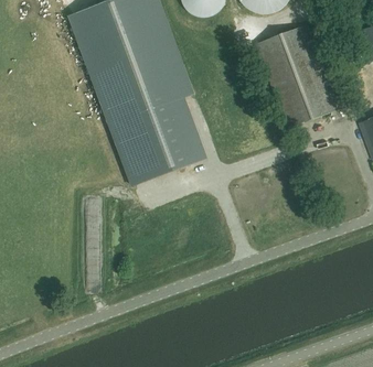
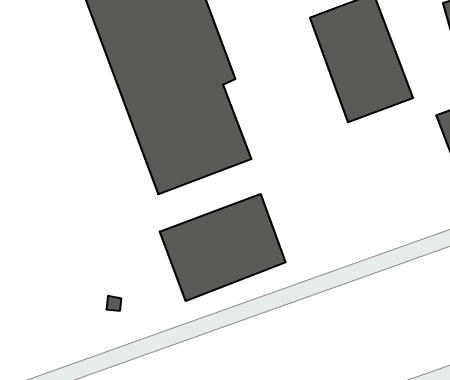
building: none -> [160,194,286,301]

